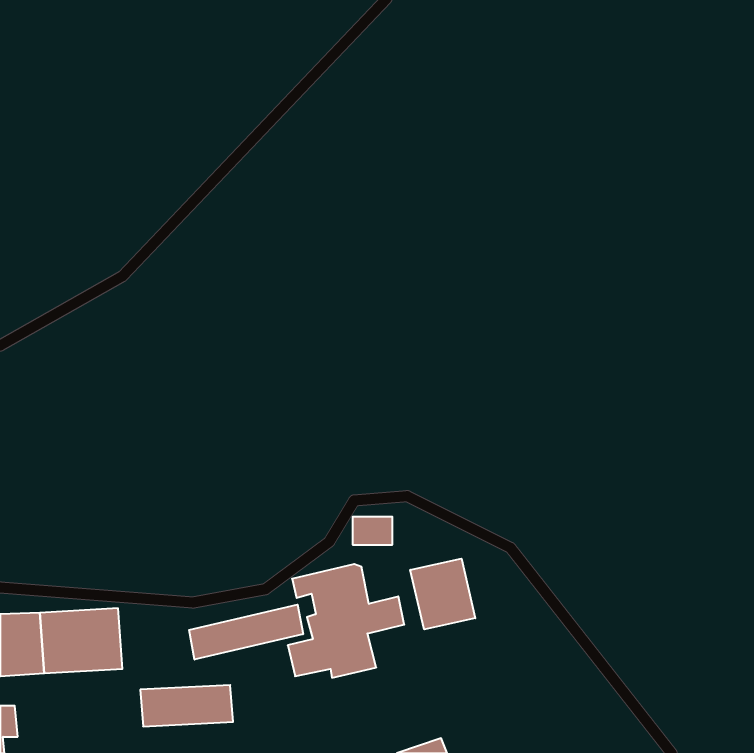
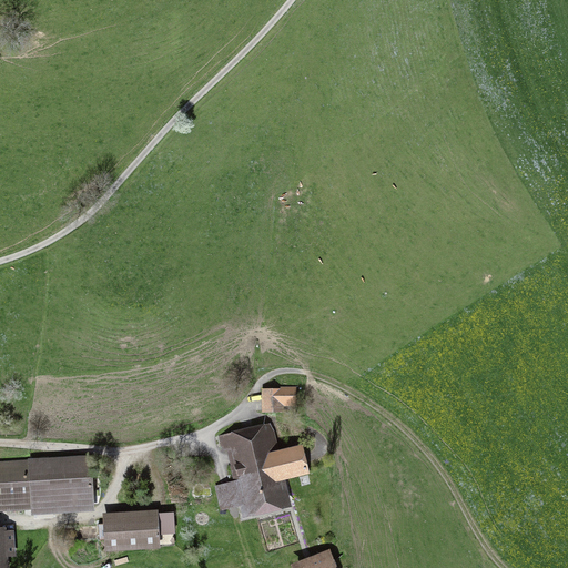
building: [410,559,475,629] -> none
building: [189,605,303,660] -> none

